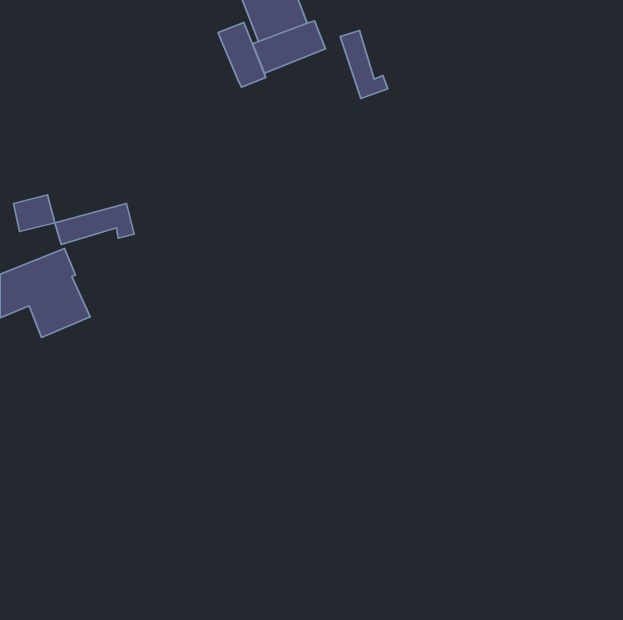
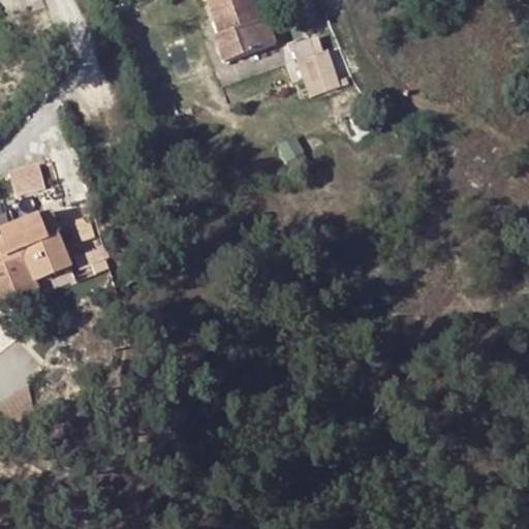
building: [218,23,266,87] -> none
building: [55,204,134,245] -> none

